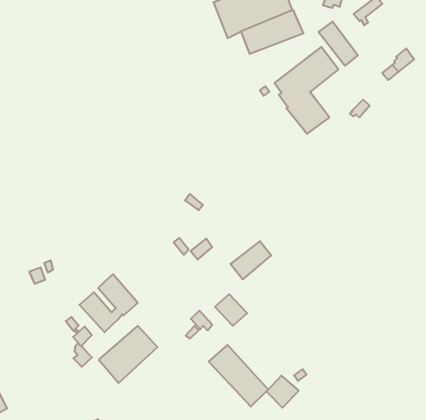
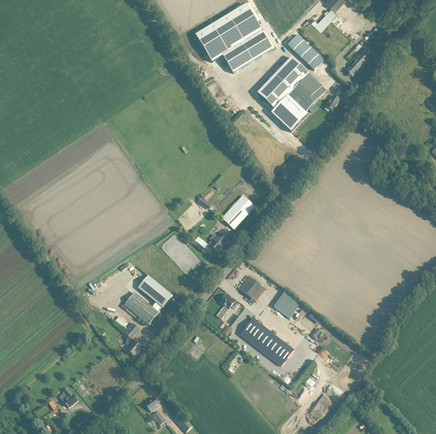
building: none -> [288,73,326,111]
building: [230,241,271,279] -> [221,195,254,229]
building: [99,326,157,383] -> none
building: [267,375,299,408] -> [275,292,302,319]

